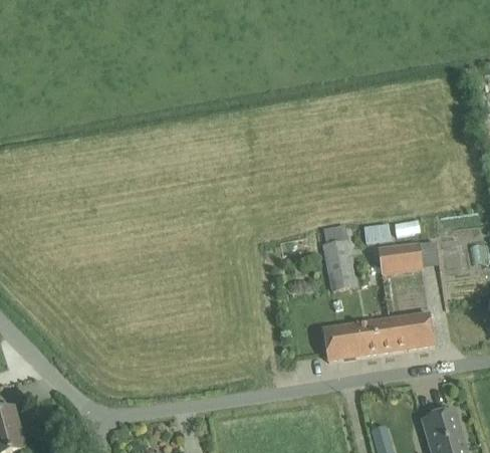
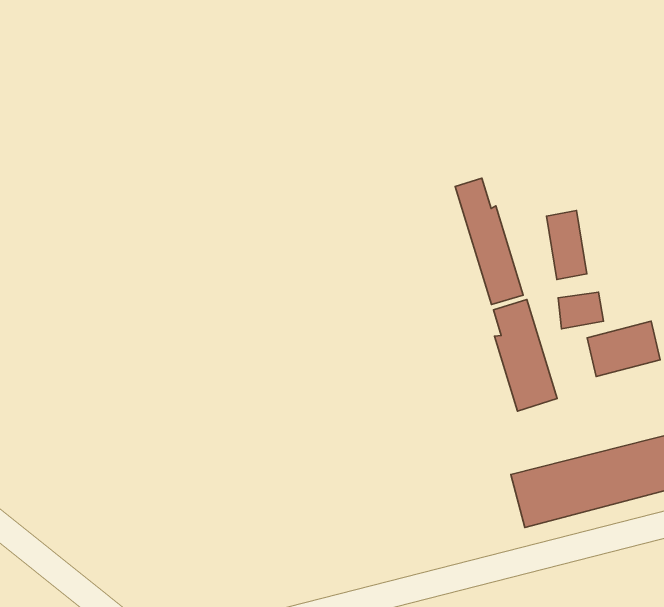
building: none -> [455,178,523,304]
building: none -> [546,210,587,280]

